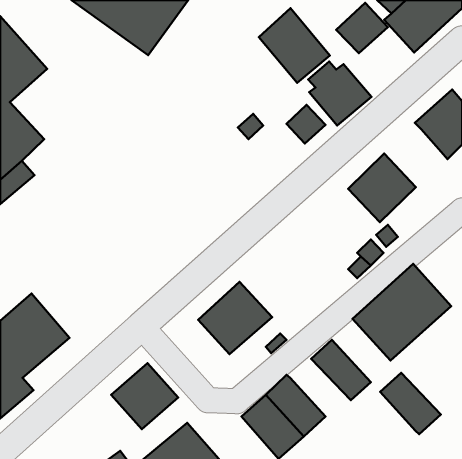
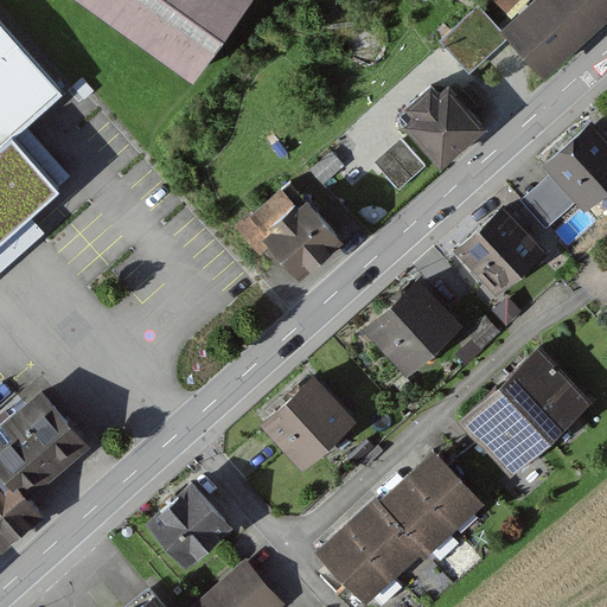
building: [259,8,330,83] -> none
building: none -> [520,173,579,230]
building: none -> [236,183,344,279]
building: none -> [364,280,462,377]
building: [380,373,441,434] -> [381,474,460,555]

